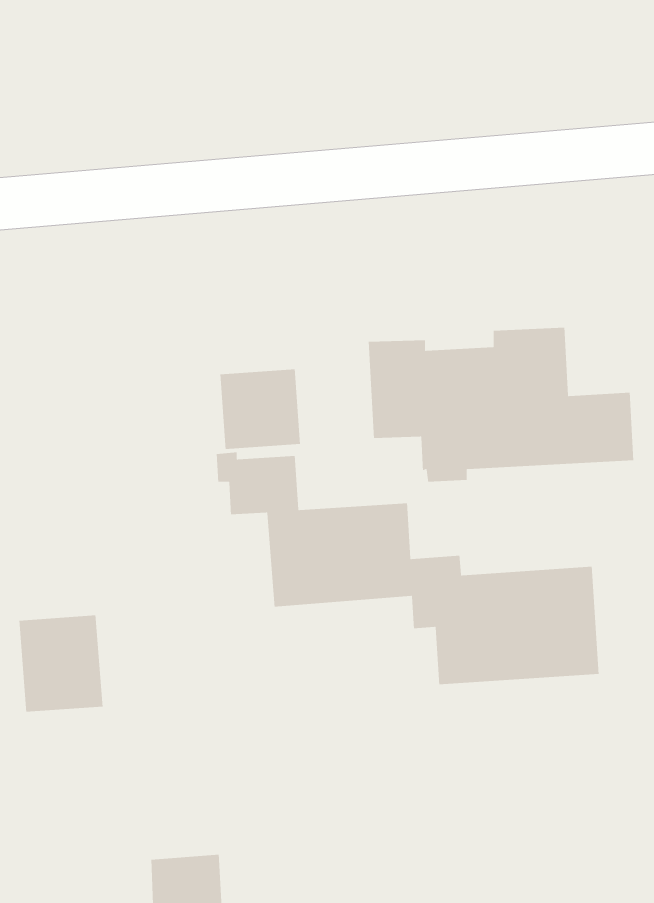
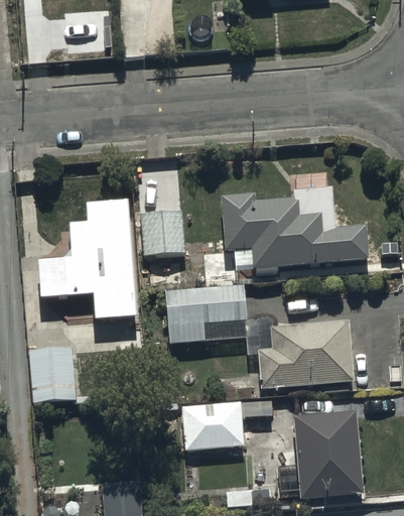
building: none -> [40,200,135,316]
building: none -> [181,402,243,449]
building: none -> [276,411,361,497]

